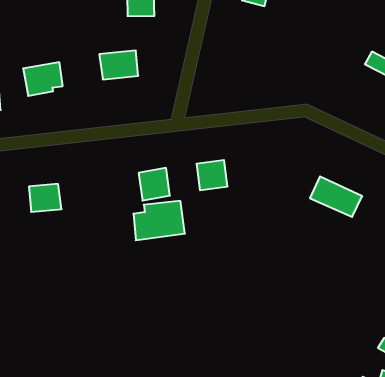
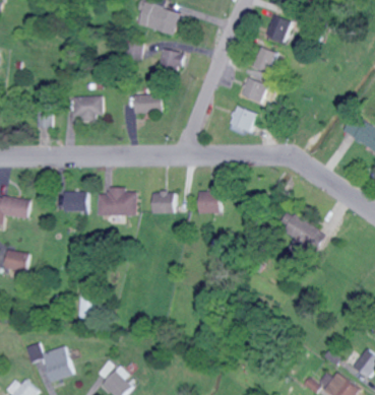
building: none -> [238,75,268,104]
building: none -> [228,105,257,133]
building: [133,201,185,240] -> [96,188,135,215]

